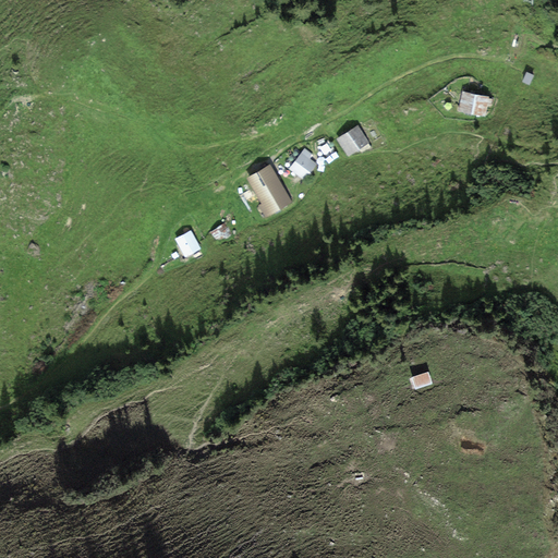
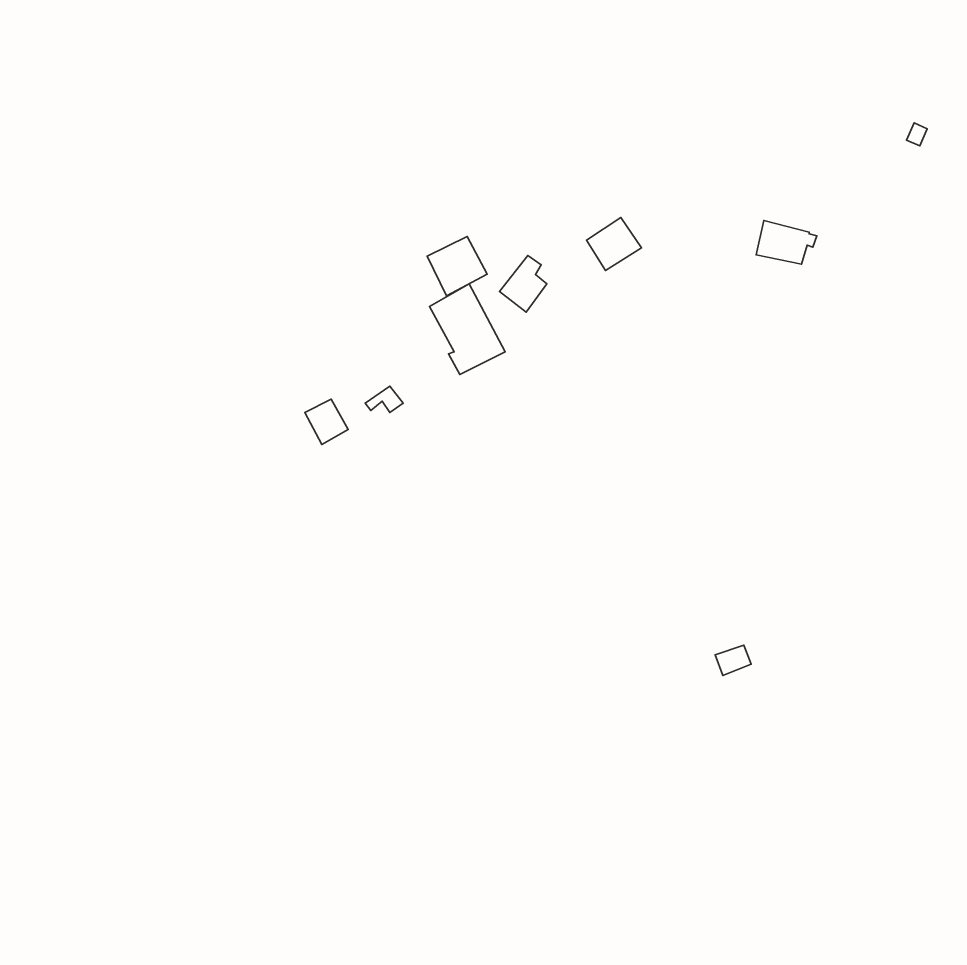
building: [458,89,493,114] -> [756,221,817,264]
building: none -> [427,236,487,296]

